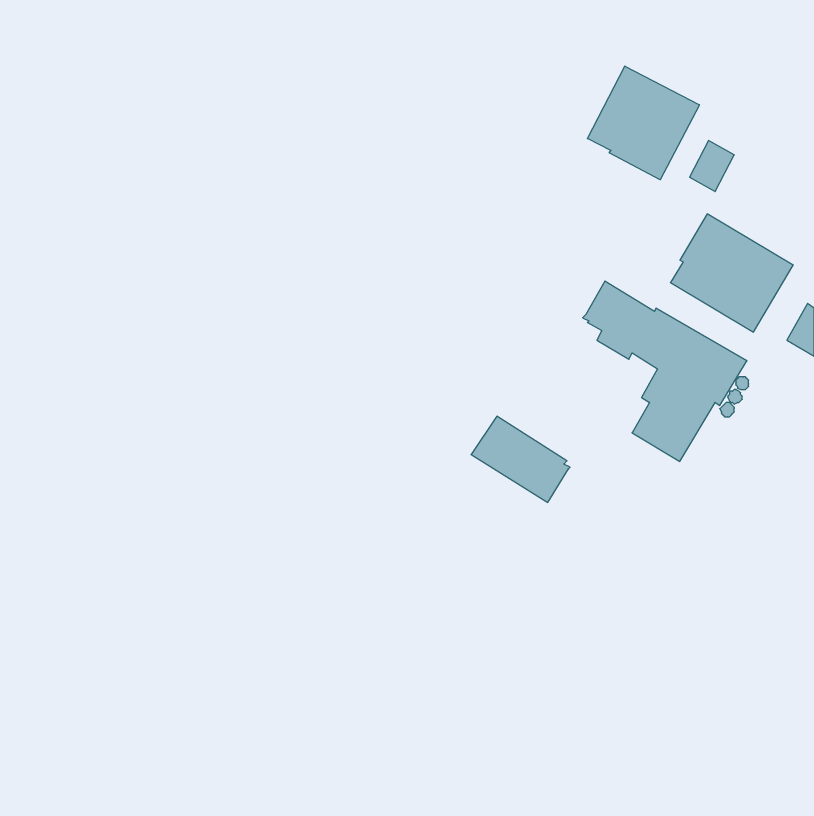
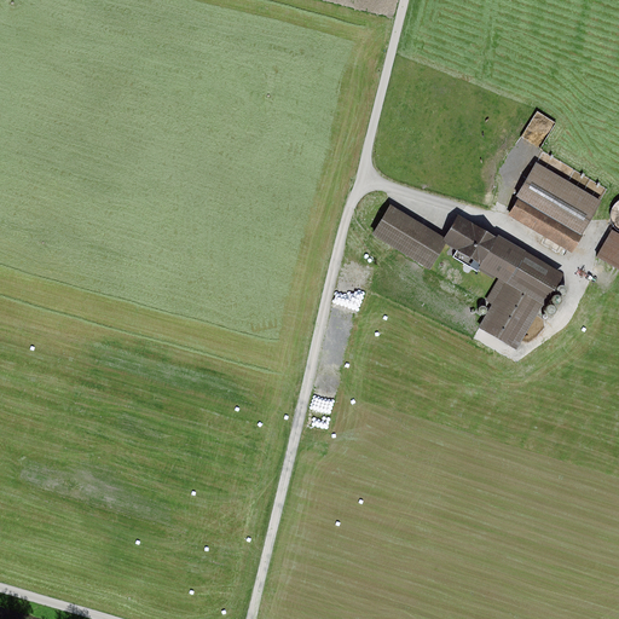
building: [587,66,699,180] -> none
building: [471,416,570,502] -> [371,204,446,270]

